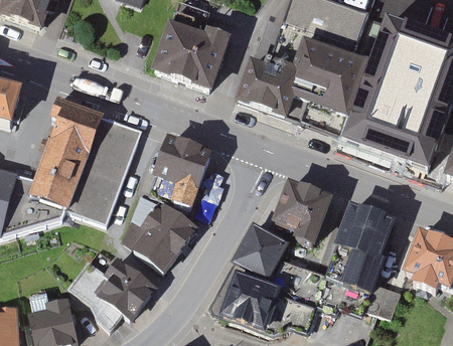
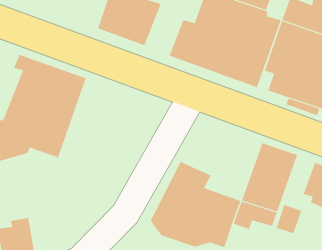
building: [148,136,214,207] -> none
building: [274,181,332,243] -> none
building: [120,195,200,271] -> none
building: [66,256,160,329] -> none

